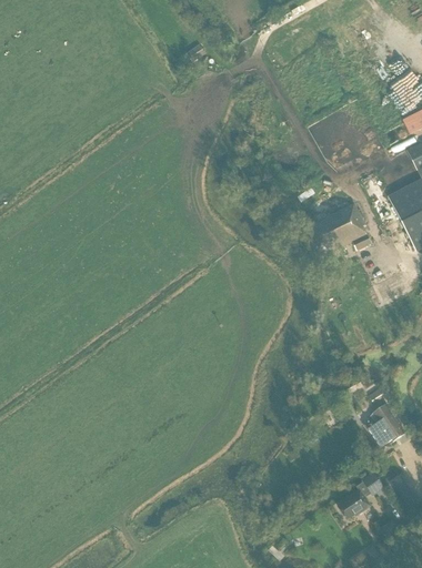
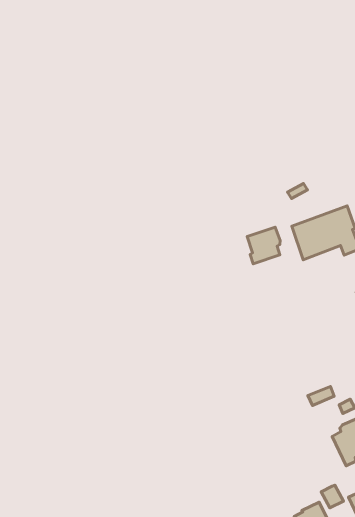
building: none -> [247,227,280,264]

